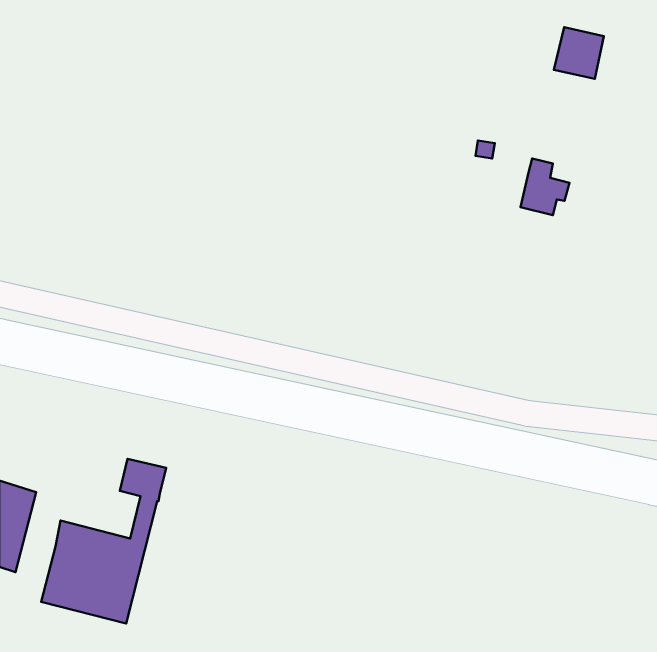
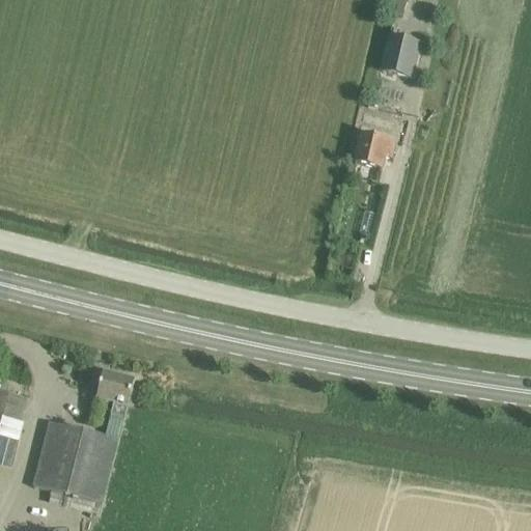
building: [554,27,604,79] -> [380,33,420,75]
building: [521,158,570,215] -> [355,120,394,166]

